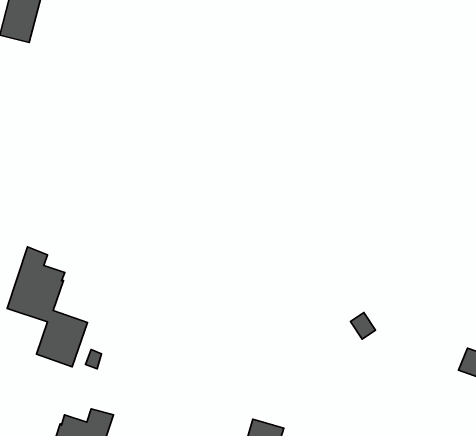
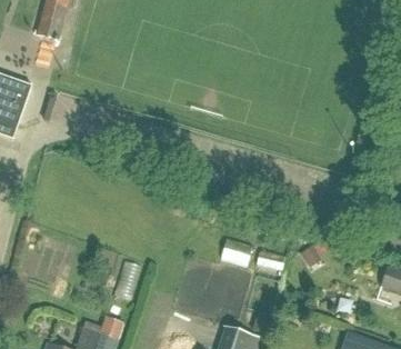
building: [7,247,87,367] -> none

